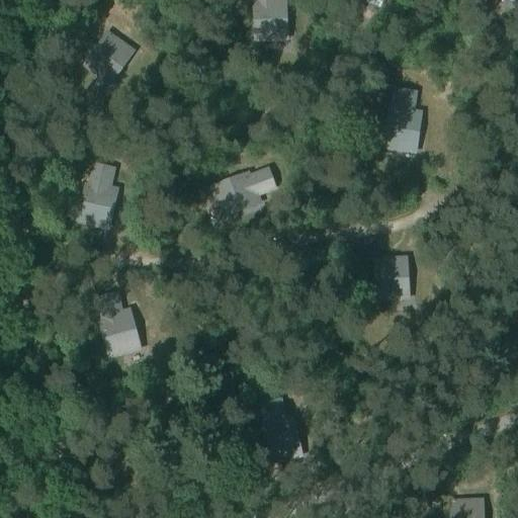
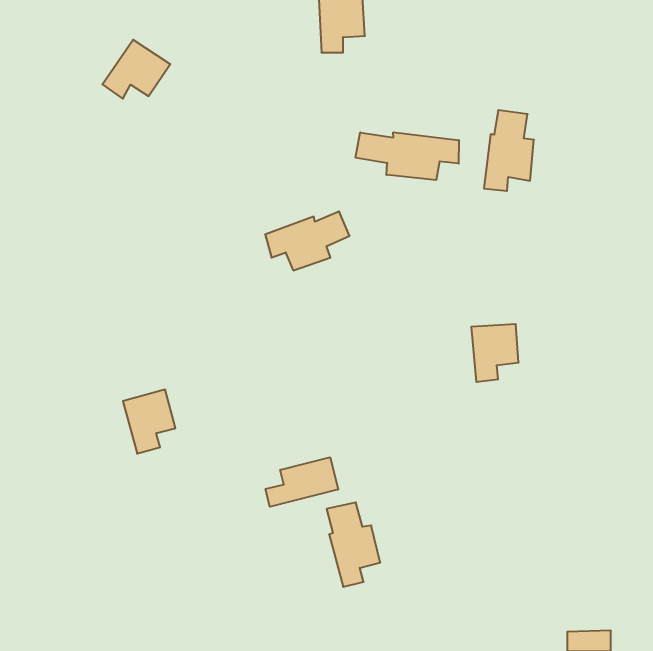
building: none -> [356,132,459,180]
building: [77,162,119,227] -> none
building: none -> [266,457,338,507]

